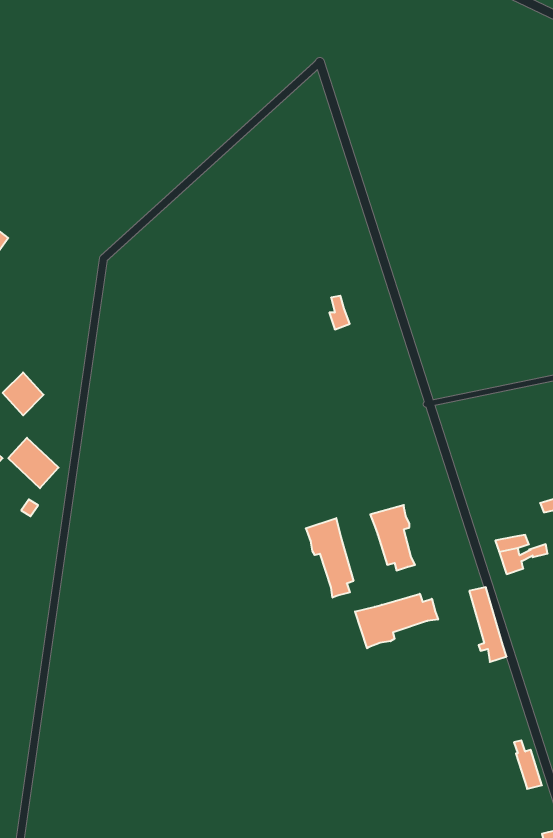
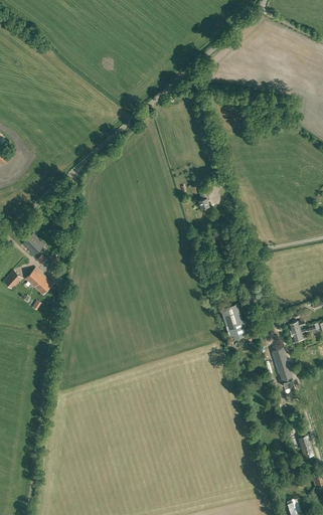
building: [306,518,353,598] -> none
building: [355,594,438,648] -> none

